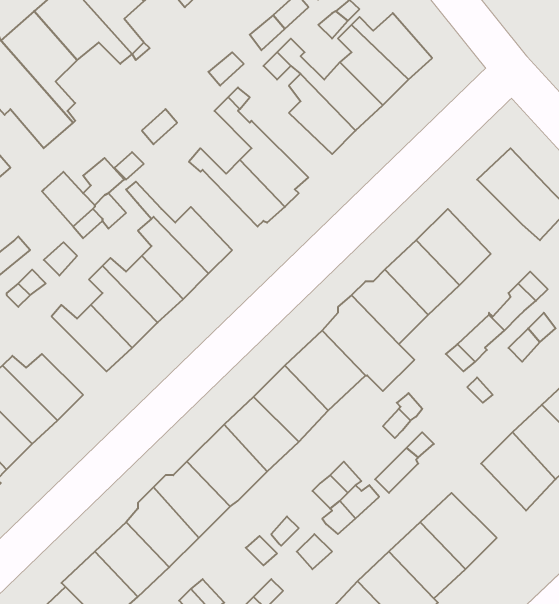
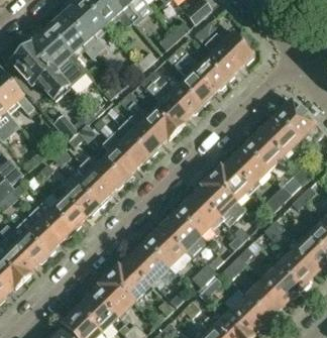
building: none -> [160,77,202,115]
building: none -> [128,111,164,152]
building: none -> [261,116,300,154]
building: none -> [51,187,86,227]
building: none -> [263,262,302,301]

